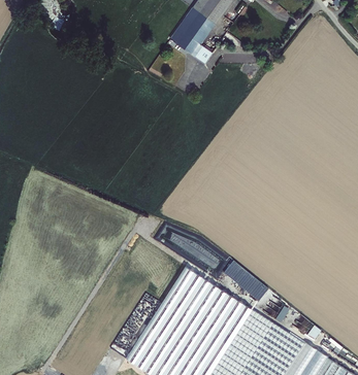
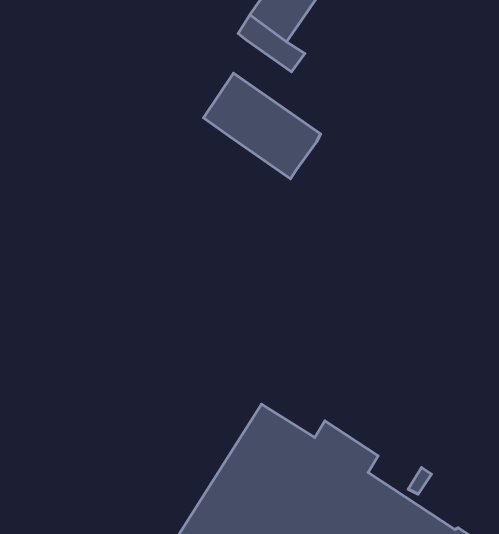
building: none -> [203,73,320,179]

